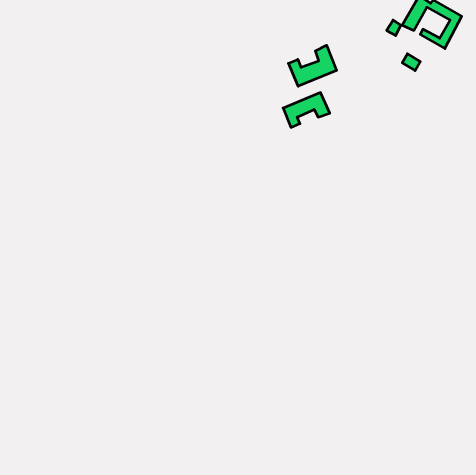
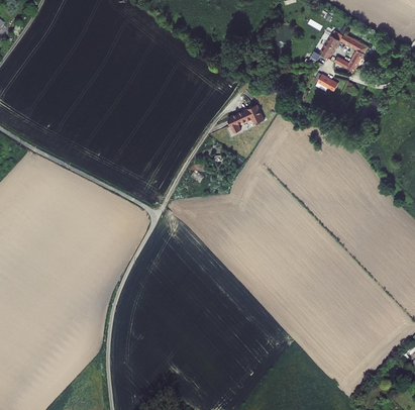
building: [288,45,337,86] -> none

